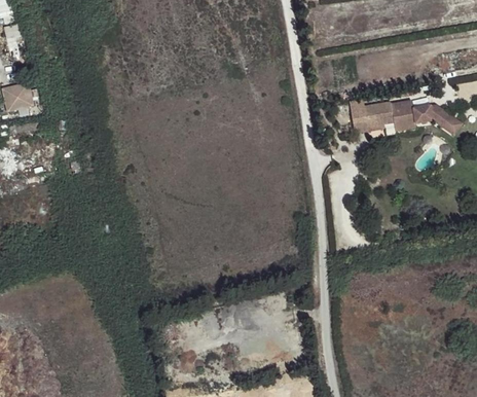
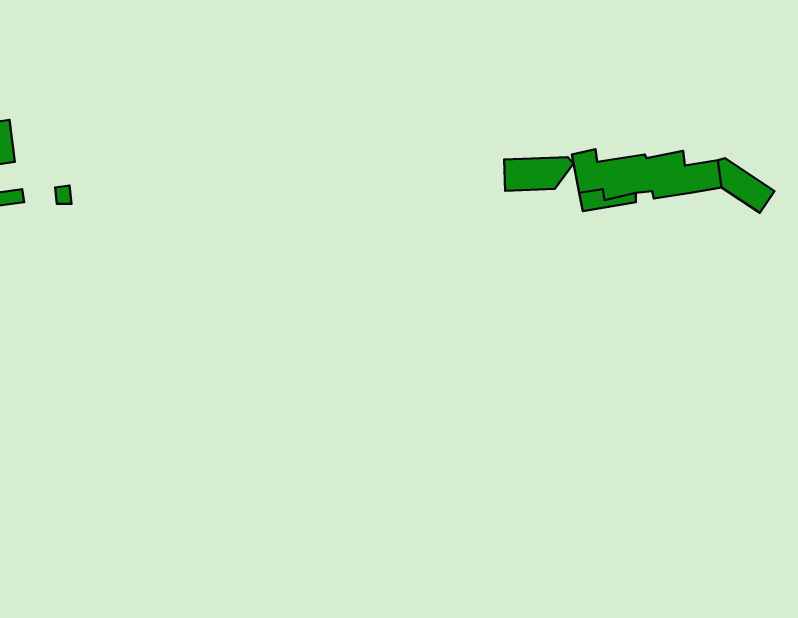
building: none -> [504,157,573,191]

